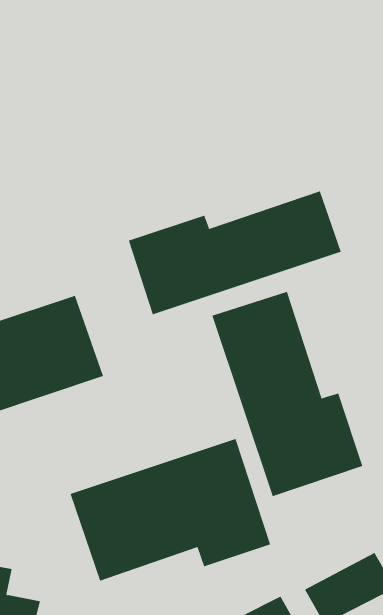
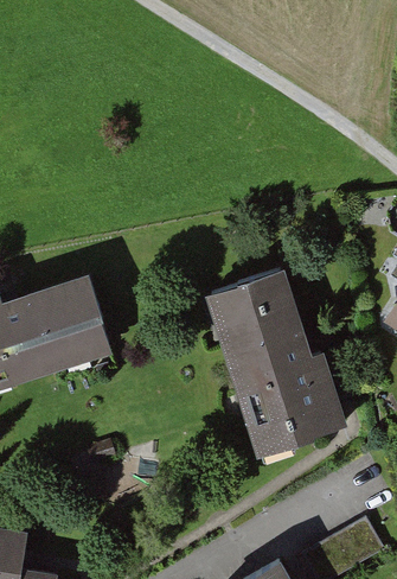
building: [128,191,342,315] -> none
building: [70,438,271,581] -> none

